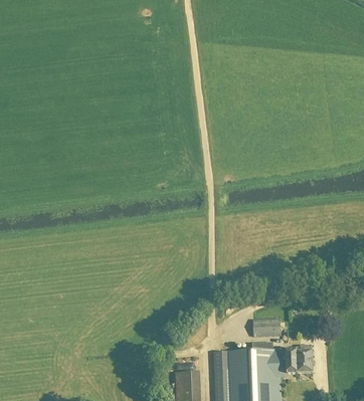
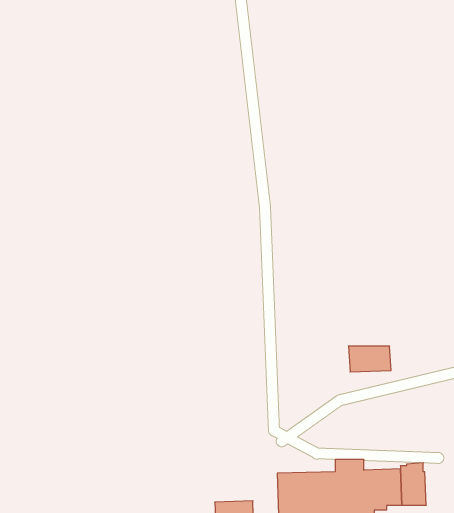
building: [253,319,282,336] -> [348,346,391,372]

